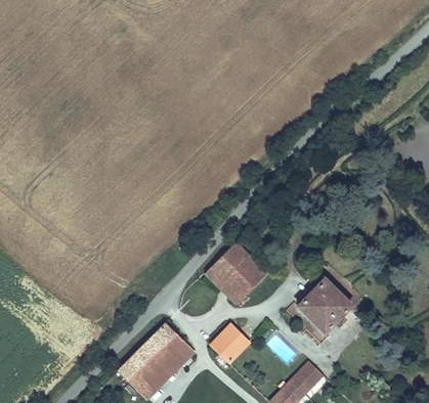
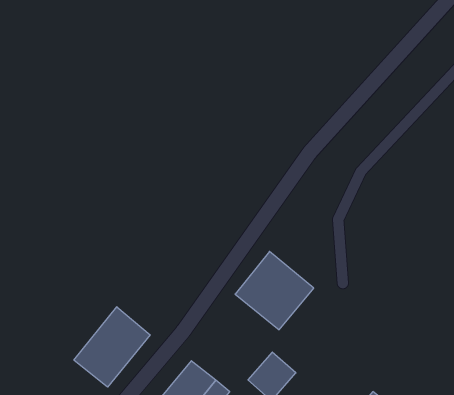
building: none -> [74,307,150,387]
building: [296,279,349,332] -> none

